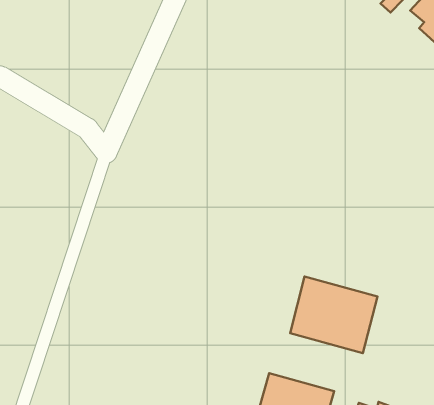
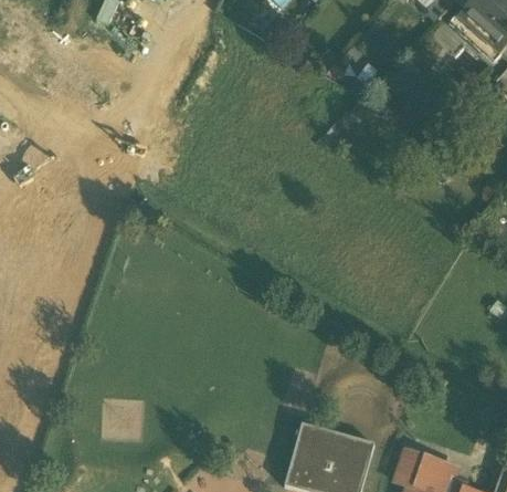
building: [290,277,378,353] -> none

